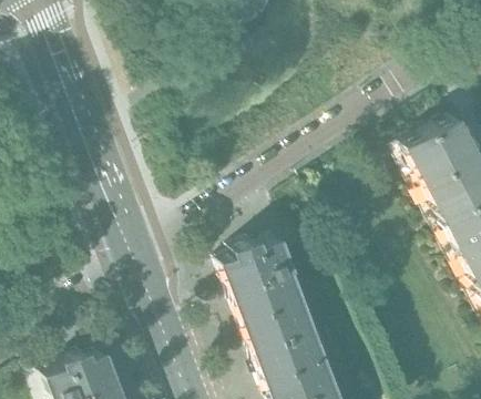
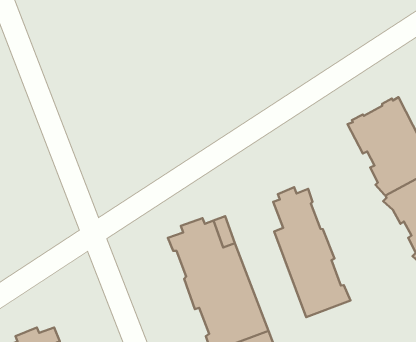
building: none -> [273,187,350,317]

